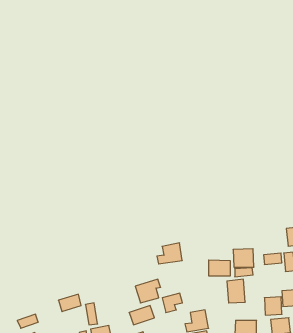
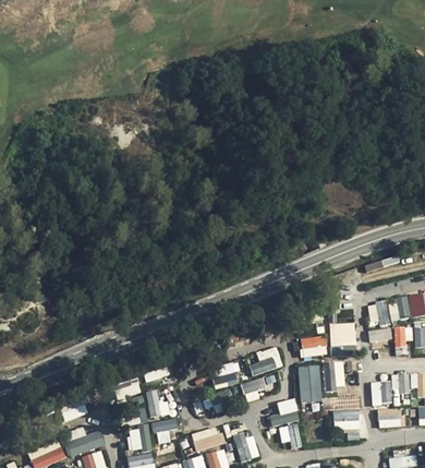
building: none -> [367,301,388,325]
building: [157,243,182,264] -> [250,347,281,373]
building: none -> [298,364,323,403]

